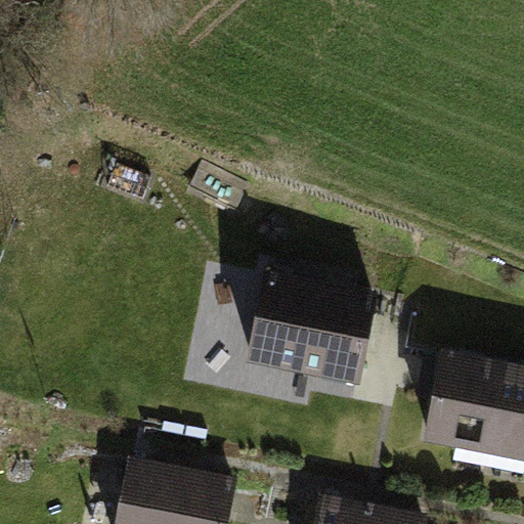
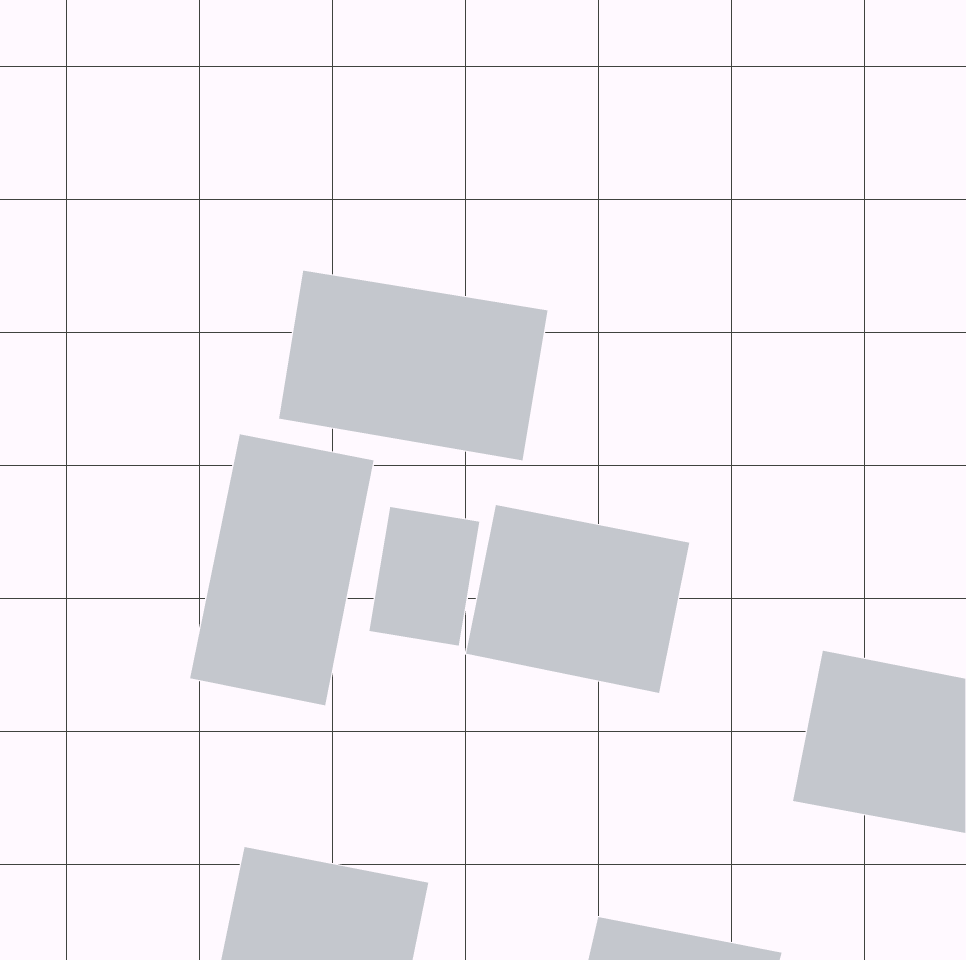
building: none -> [278,270,548,461]
building: none -> [189,433,374,706]

